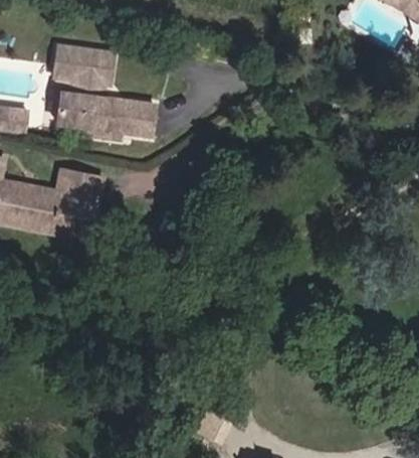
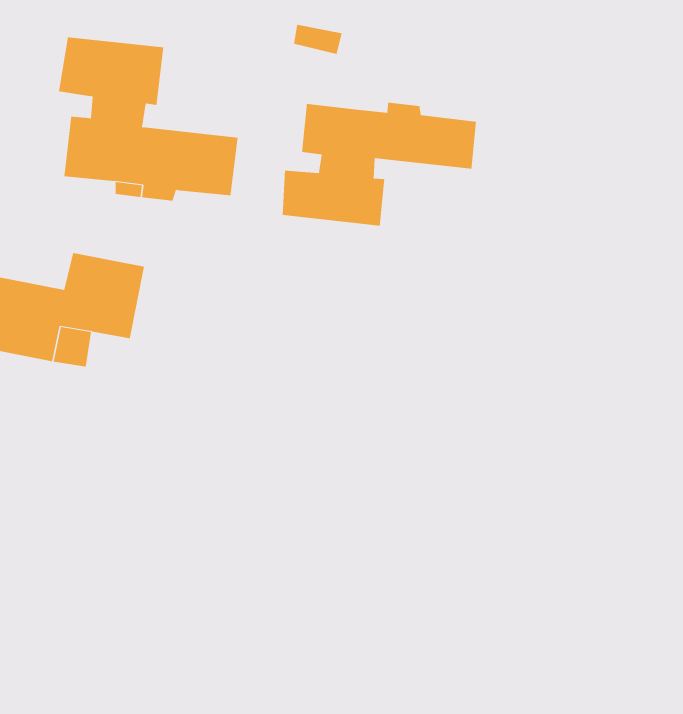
building: none -> [282,102,476,227]

